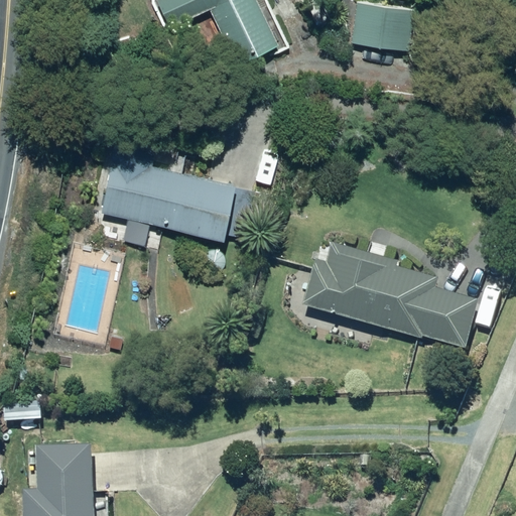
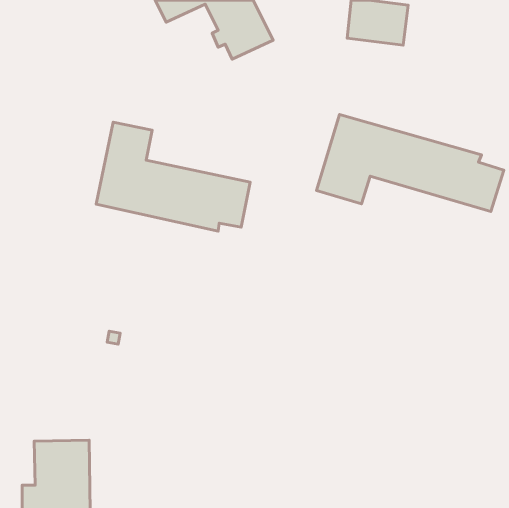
building: none -> [317,115,504,212]
building: [304,243,480,349] -> none

